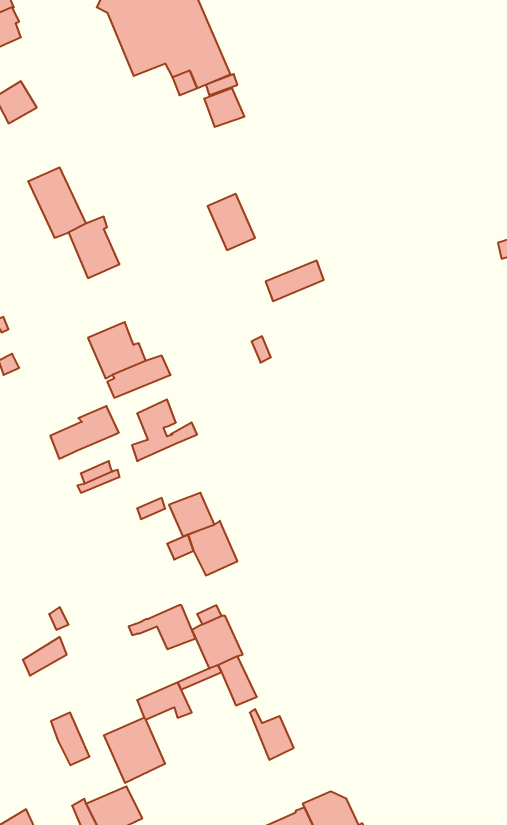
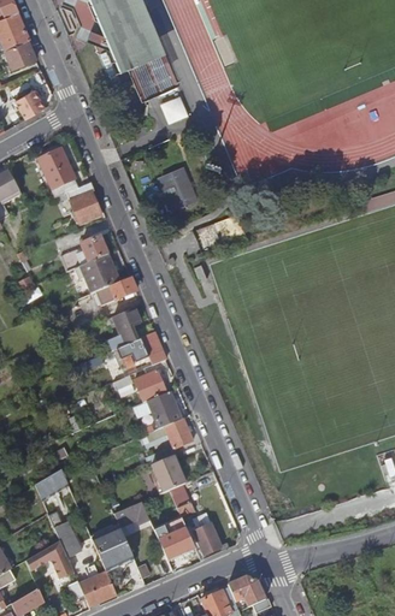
building: [50,406,119,459] -> [60,235,107,271]
building: none -> [132,331,166,368]
building: [129,605,195,649] -> [147,417,193,448]
building: none -> [157,531,193,563]
building: none -> [25,540,72,576]

